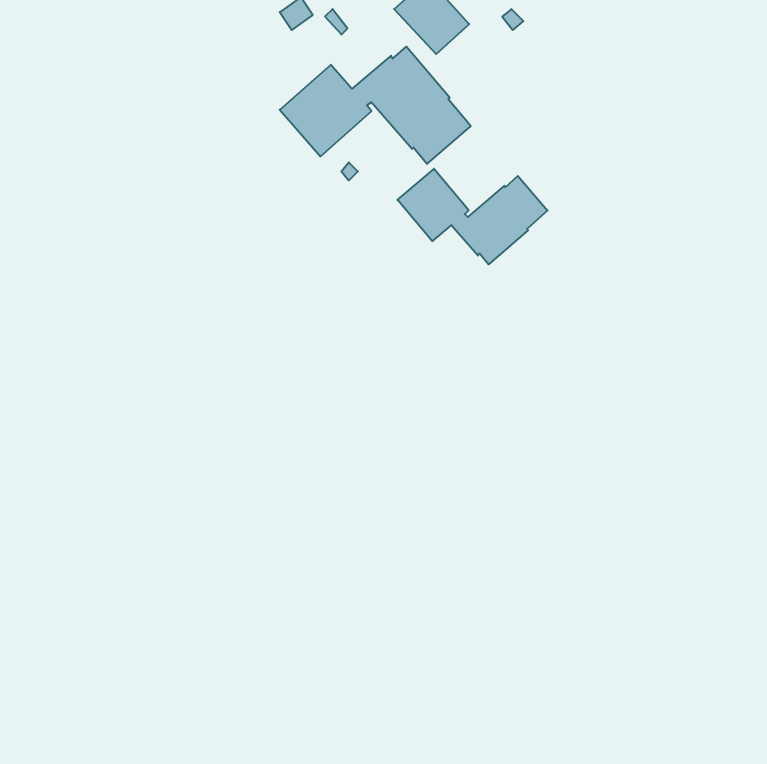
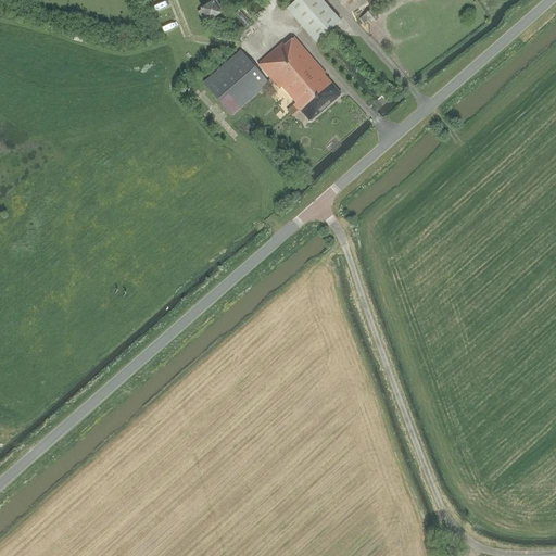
building: [397,169,548,264] -> none

